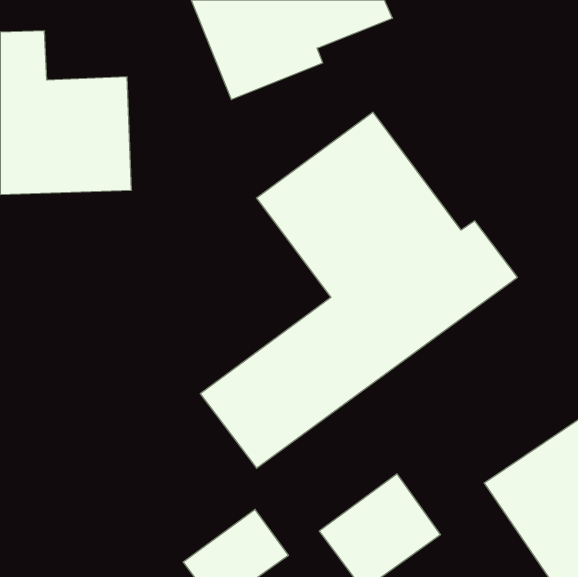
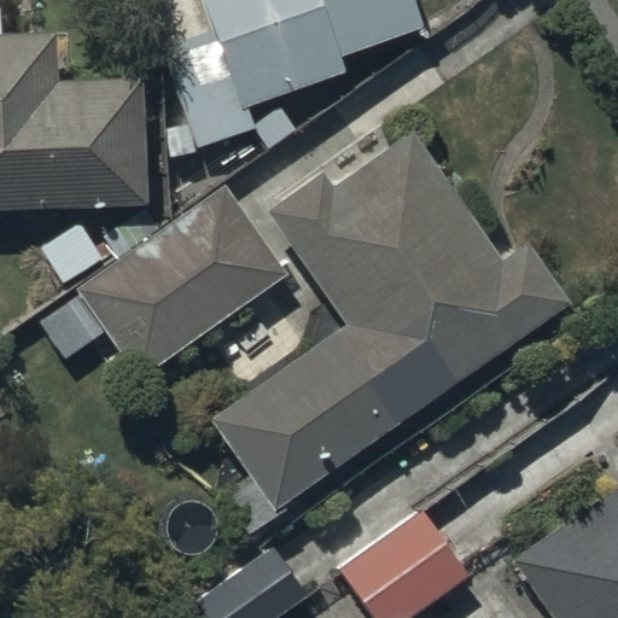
building: none -> [36,185,282,375]

